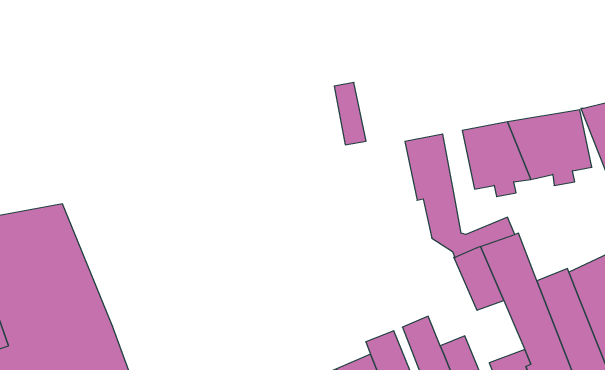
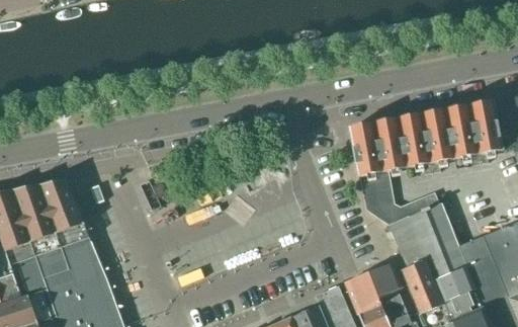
building: [334,82,366,145] -> [379,118,406,170]
building: none -> [402,259,447,311]
building: none -> [367,262,402,297]

